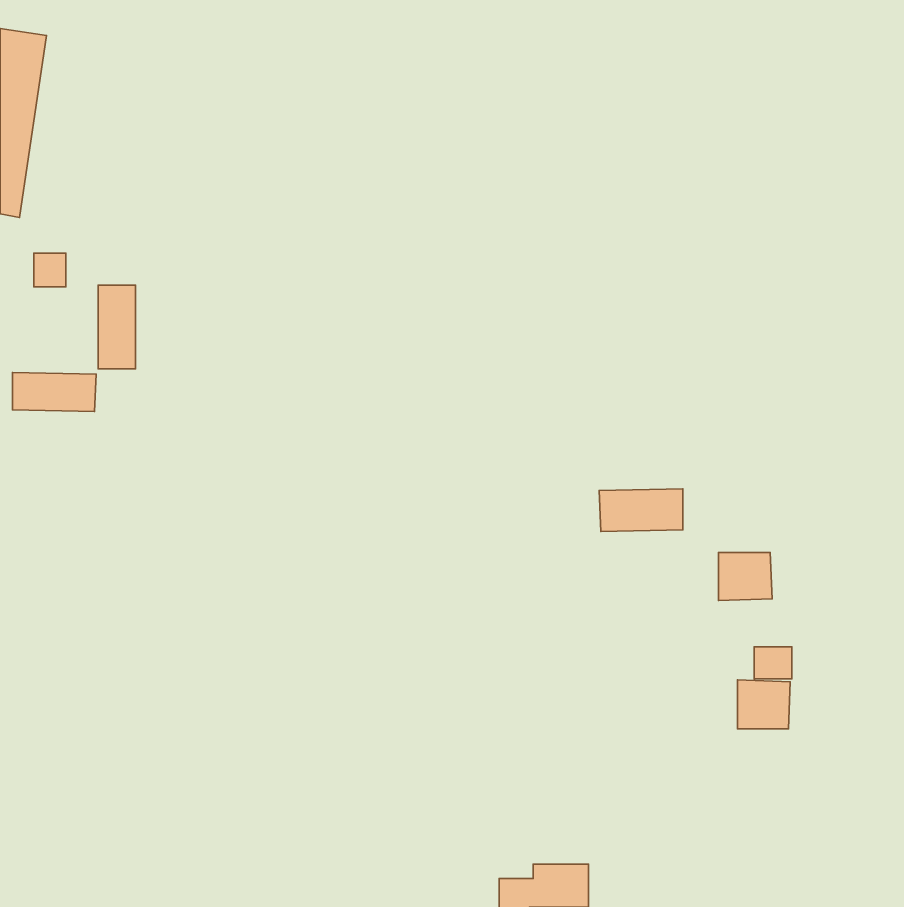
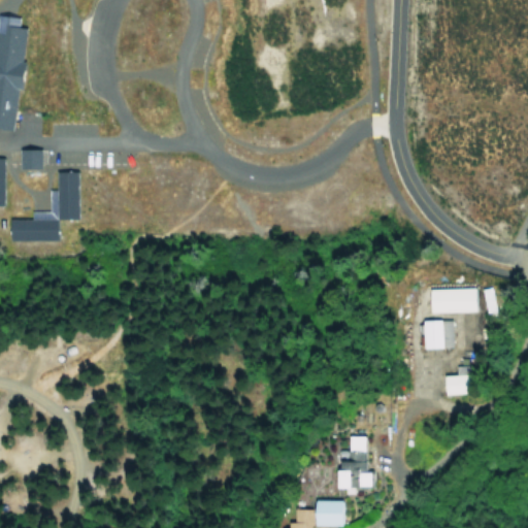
building: [599,489,683,532] -> [425,289,473,314]
building: [737,680,790,729] -> none
building: none -> [332,437,370,490]

